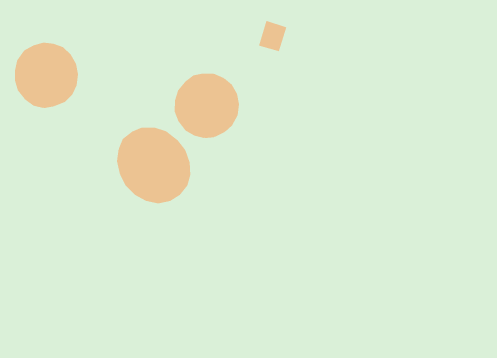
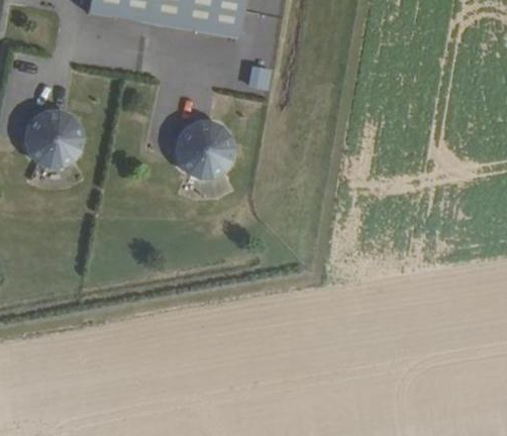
building: [116,127,191,204] -> none

